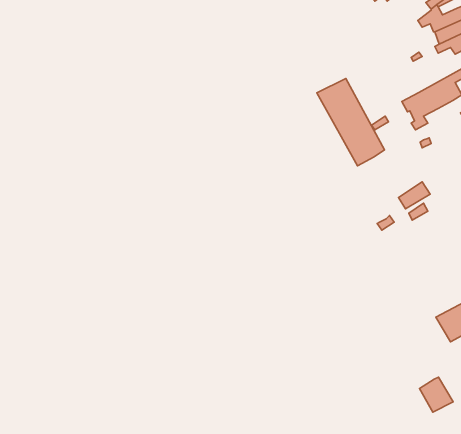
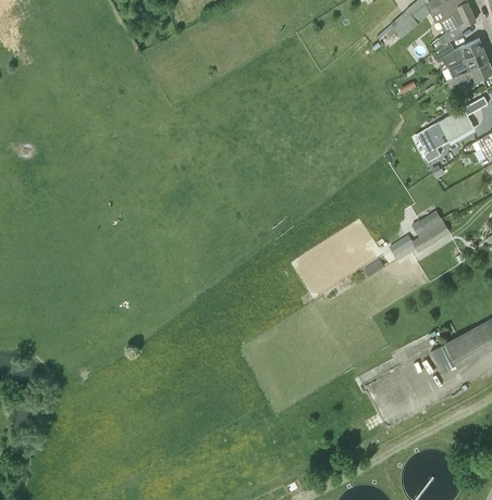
building: [317,78,385,166] -> none
building: [419,377,453,412] -> [430,341,463,375]

